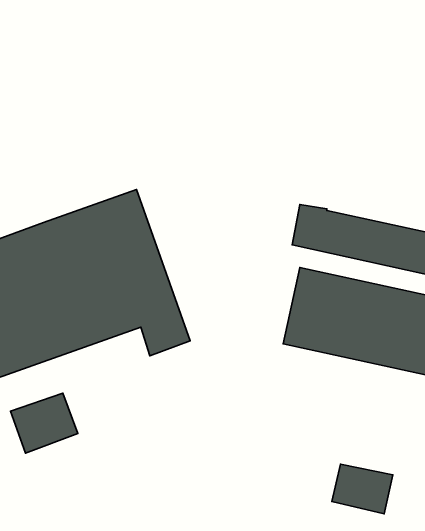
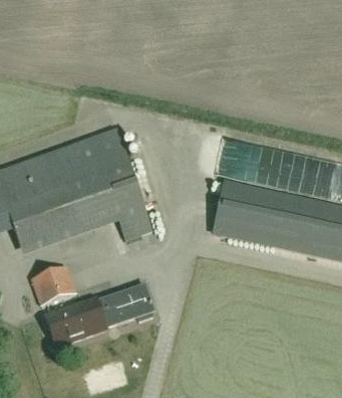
building: none -> [43,281,155,347]
building: [332,464,393,514] -> none

